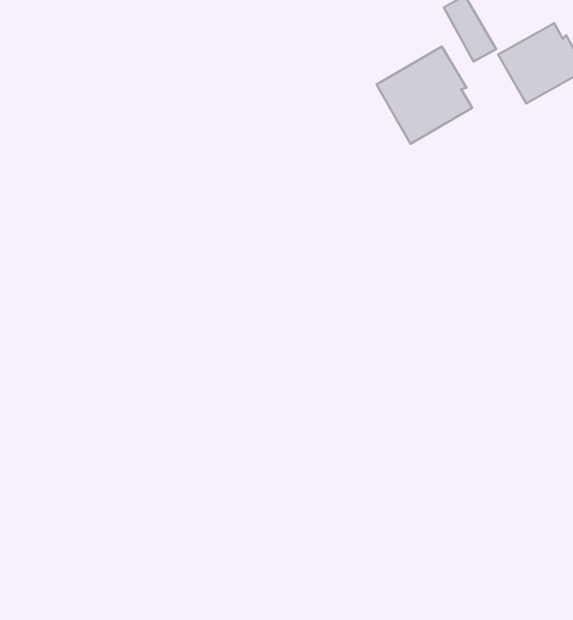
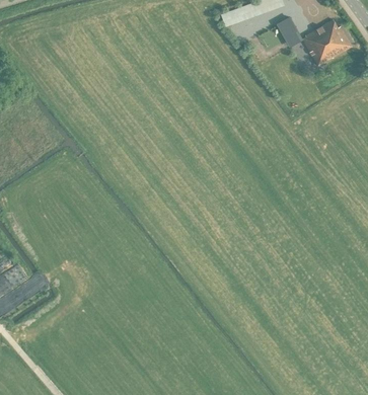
building: [377,46,472,144] -> none

